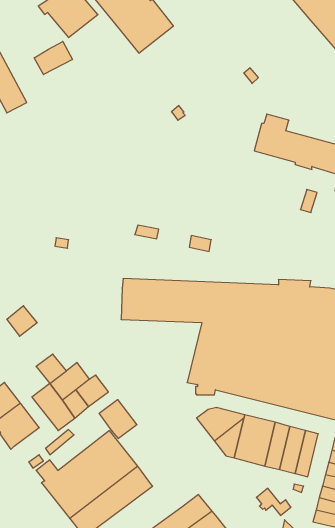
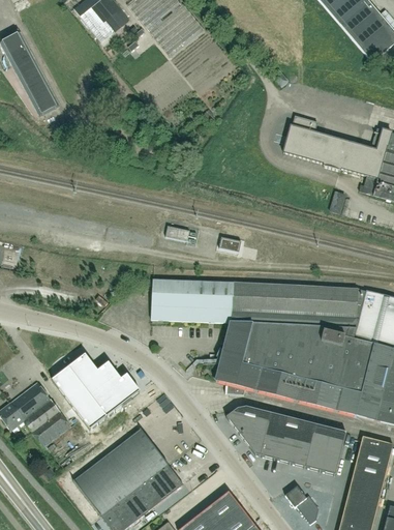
building: [34,41,72,75] -> none
building: [7,306,37,336] -> [52,364,82,394]
building: [99,400,137,439] -> none

